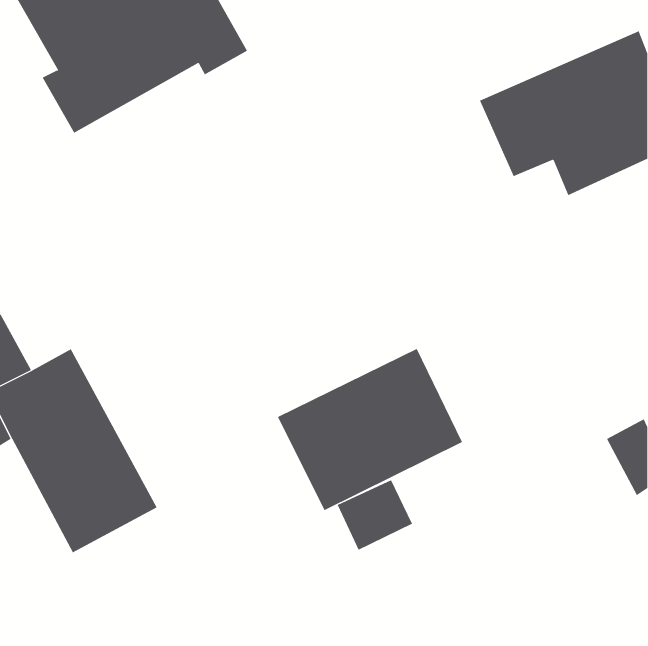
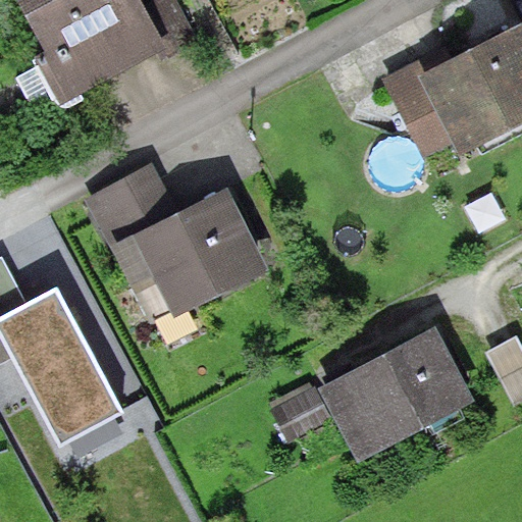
building: none -> [87,167,258,311]
building: [277,348,463,511] -> [323,333,472,464]

